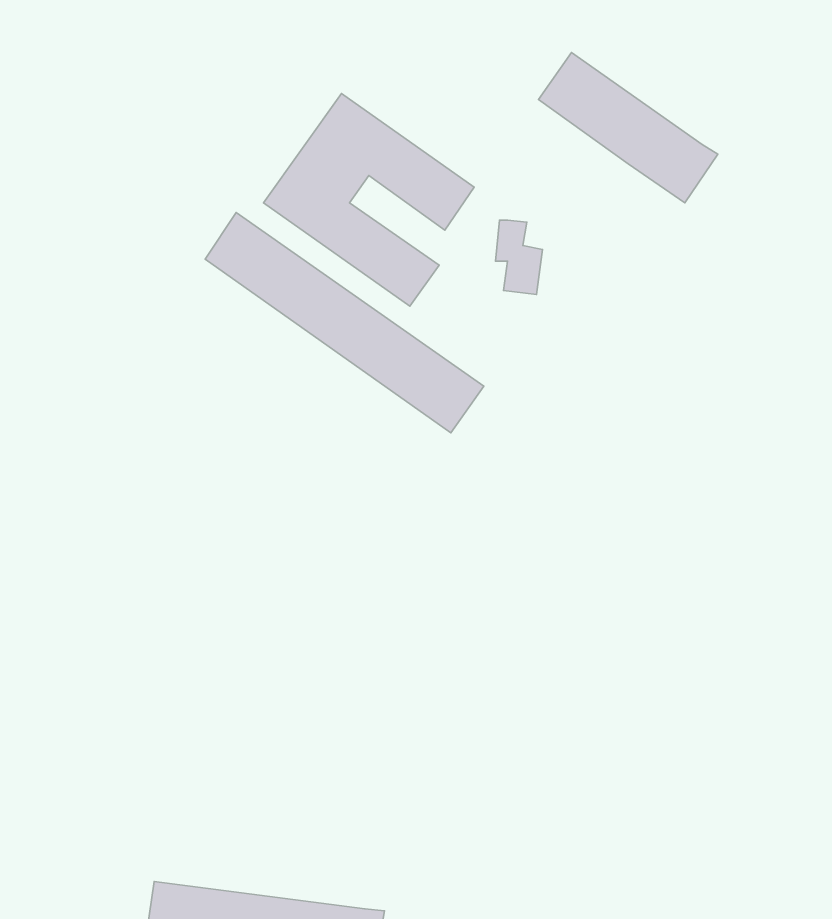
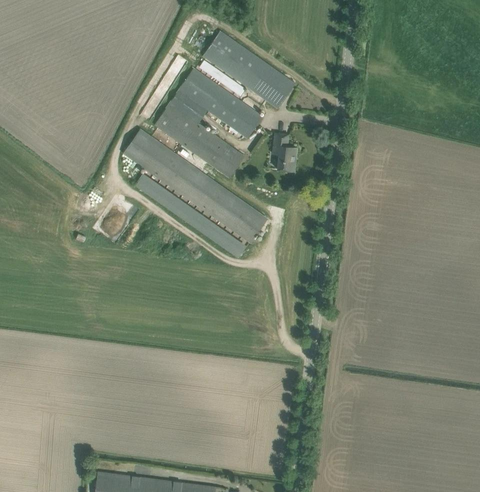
building: [538,53,718,203] -> [203,31,295,108]
building: none -> [132,175,247,256]

